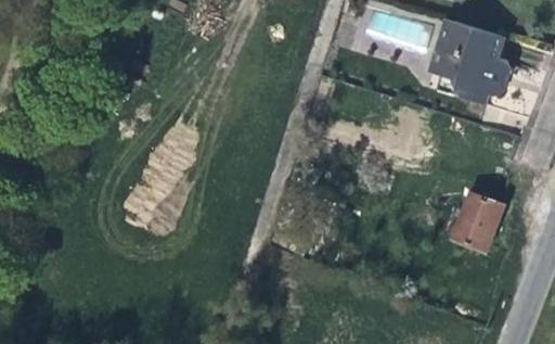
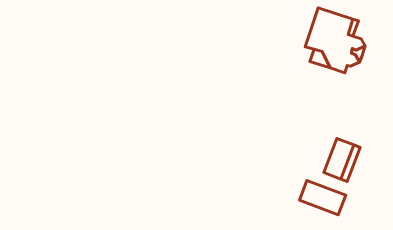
building: none -> [299,180,346,215]

